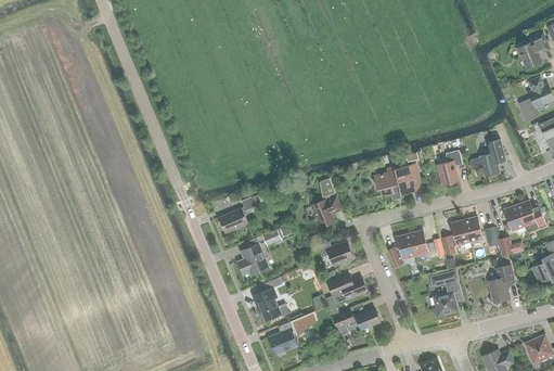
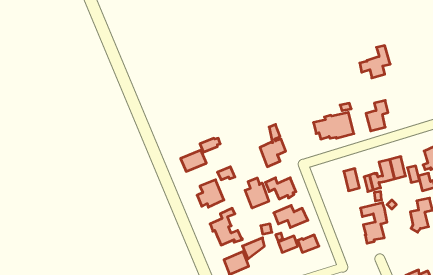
building: [471,139,506,177] -> [360,46,390,78]
building: [388,233,415,267] -> none
building: none -> [245,178,269,208]

